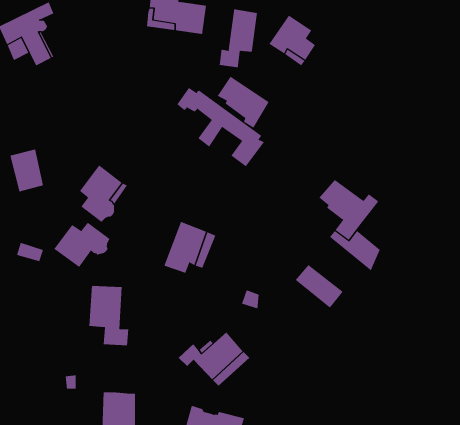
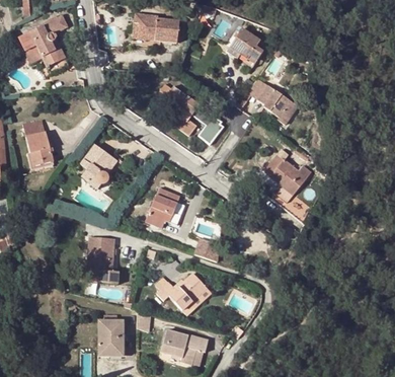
building: [219,9,258,68] -> none
building: [217,76,270,129] -> [257,84,298,125]
building: [53,222,110,268] -> none
building: [295,264,344,308] -> none

